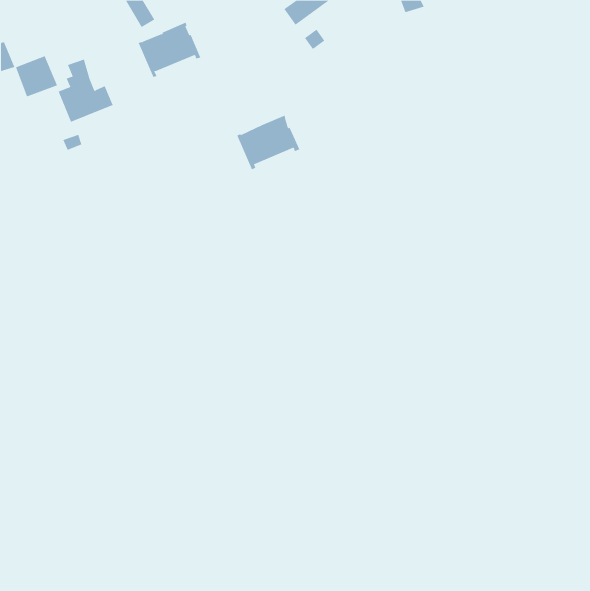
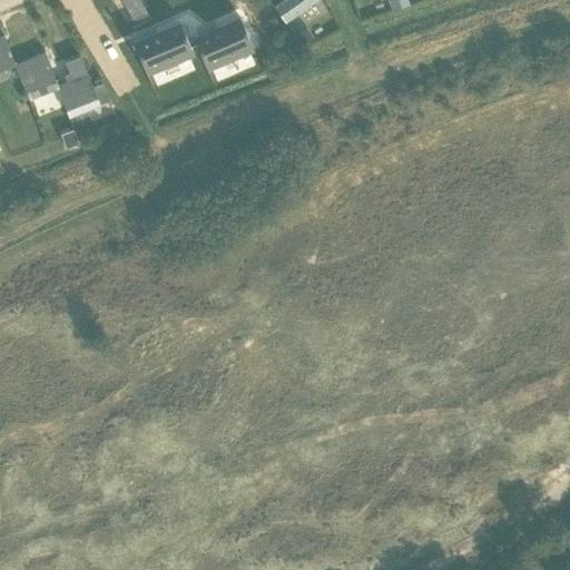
building: [236,115,300,170] -> [194,17,255,70]

